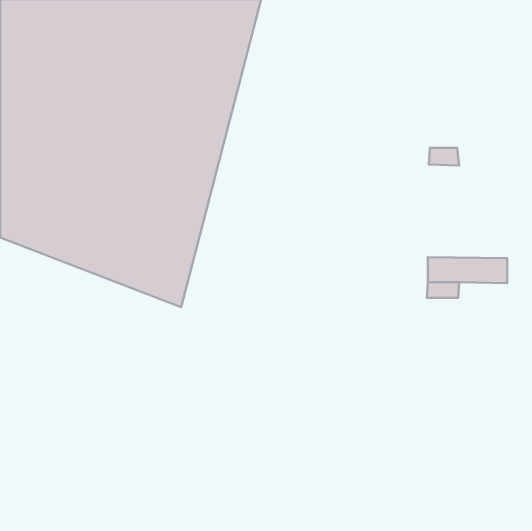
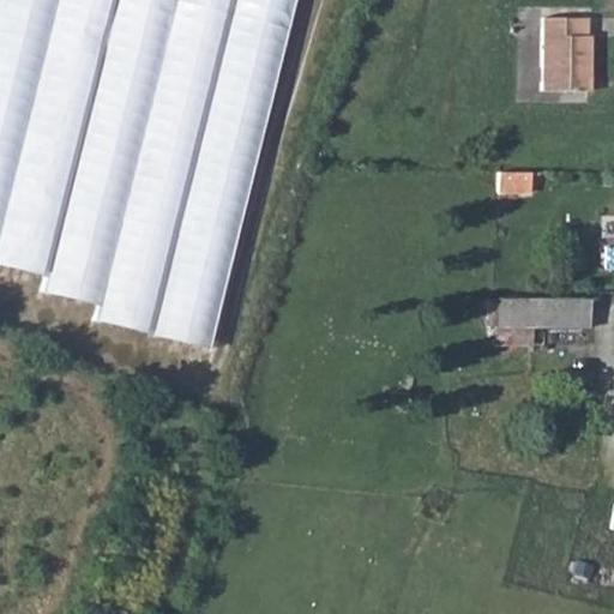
building: none -> [540,17,588,90]

